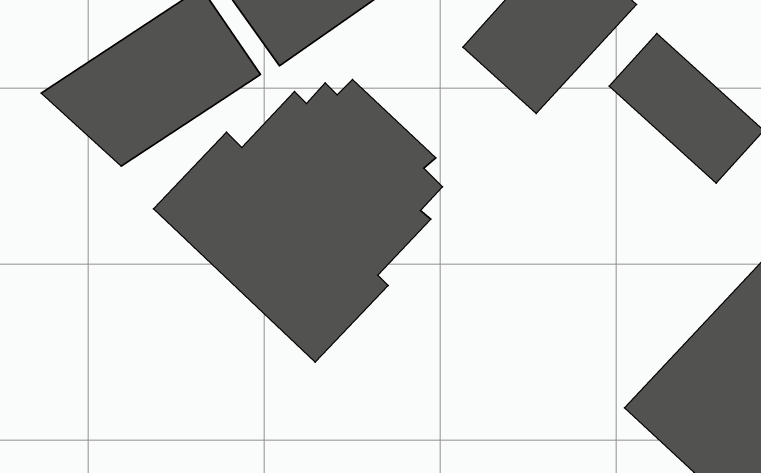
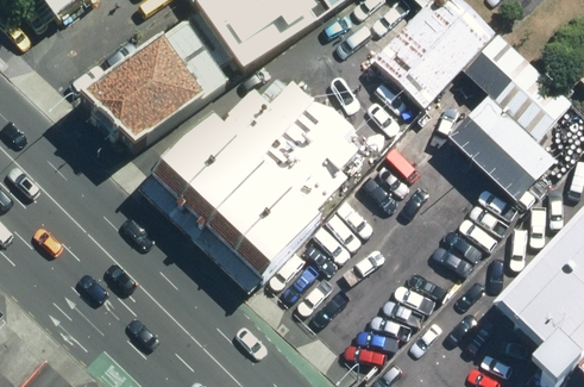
building: none -> [456,108,565,217]

